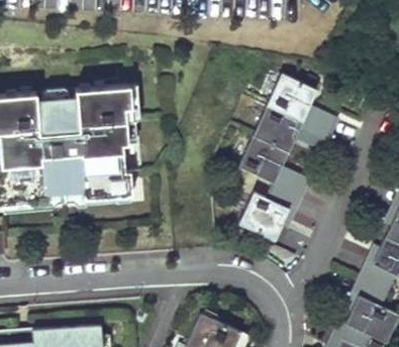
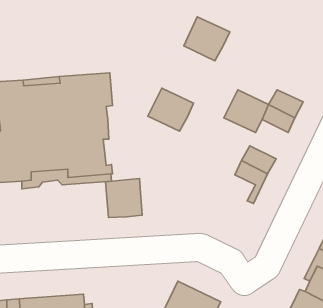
building: [270,74,319,121] -> [184,17,230,61]
building: [239,135,289,182] -> [148,88,193,131]
building: [238,191,289,239] -> none
building: none -> [106,179,142,218]

